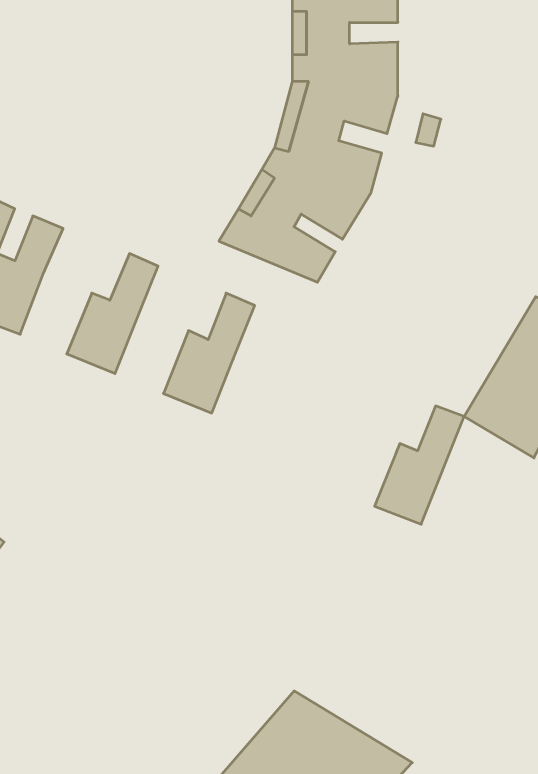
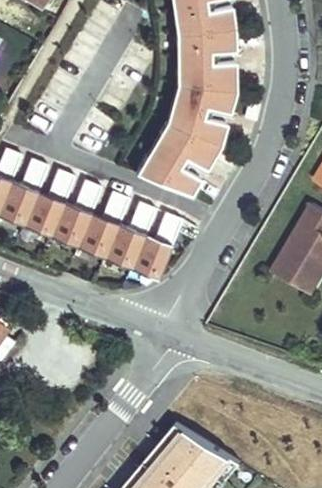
building: none -> [25,169,75,236]
building: none -> [78,191,130,258]
building: [375,406,464,524] -> [132,213,182,279]

